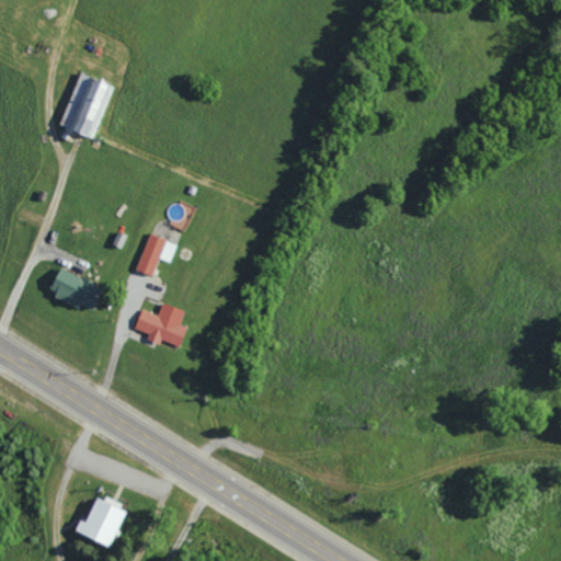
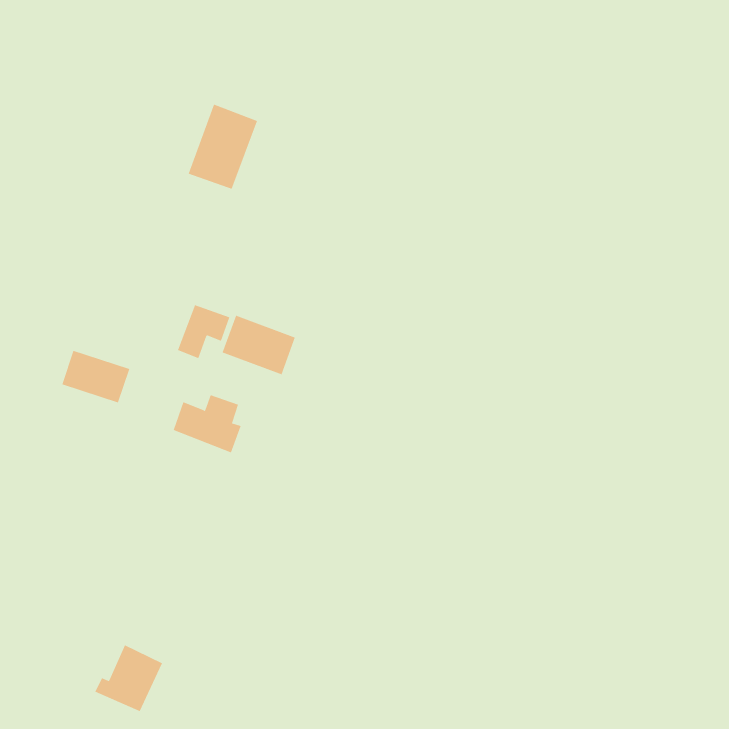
building: [59,72,113,138] -> [188,104,258,189]
building: none -> [222,315,296,375]

